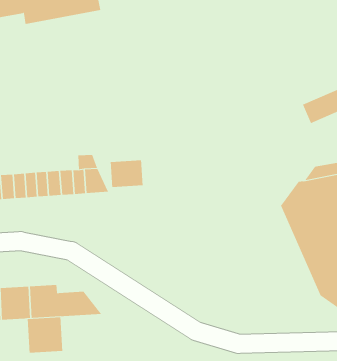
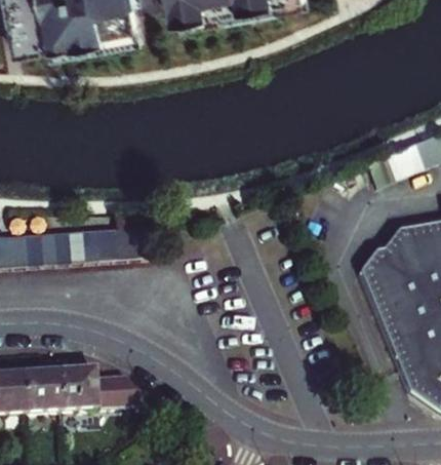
building: [110,159,143,188] -> none
building: [27,317,63,353] -> none

